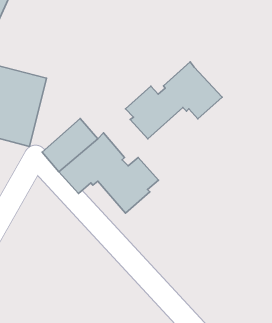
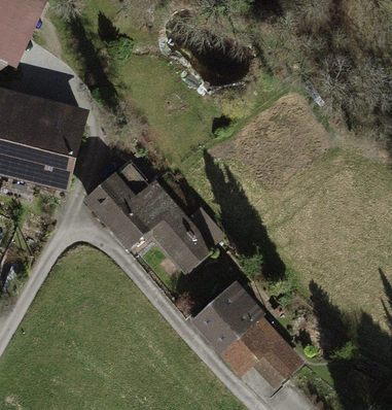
building: [125,62,222,139] -> none
building: none -> [189,280,304,389]

